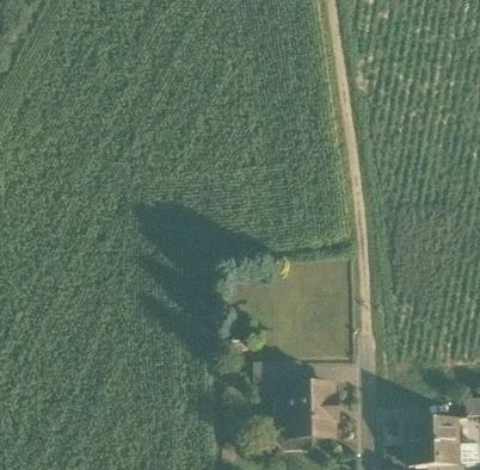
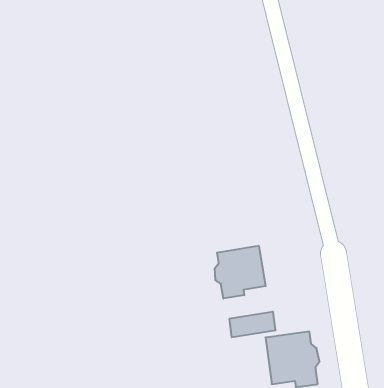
building: none -> [215,246,265,299]

